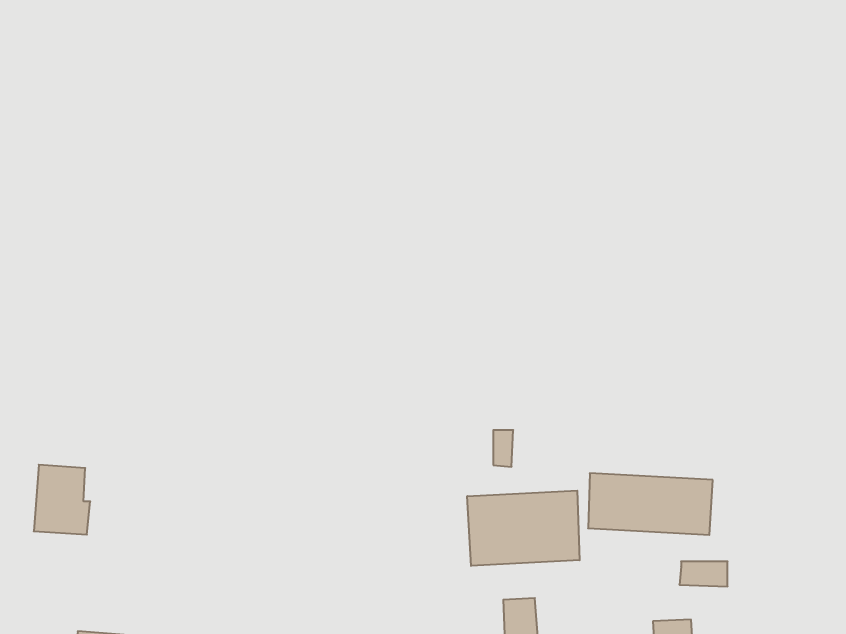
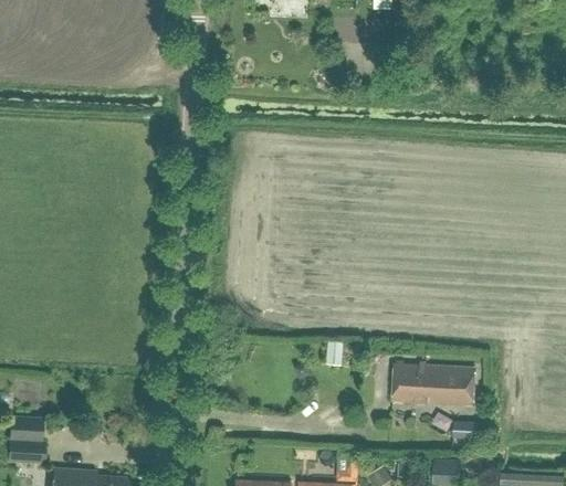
building: [34,465,90,535] -> [7,418,44,464]
building: [467,491,580,566] -> none

